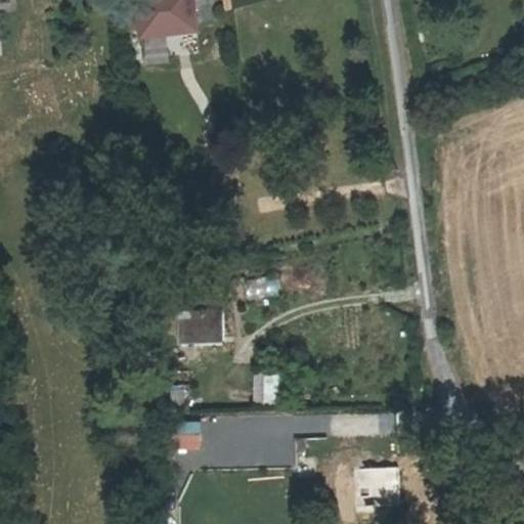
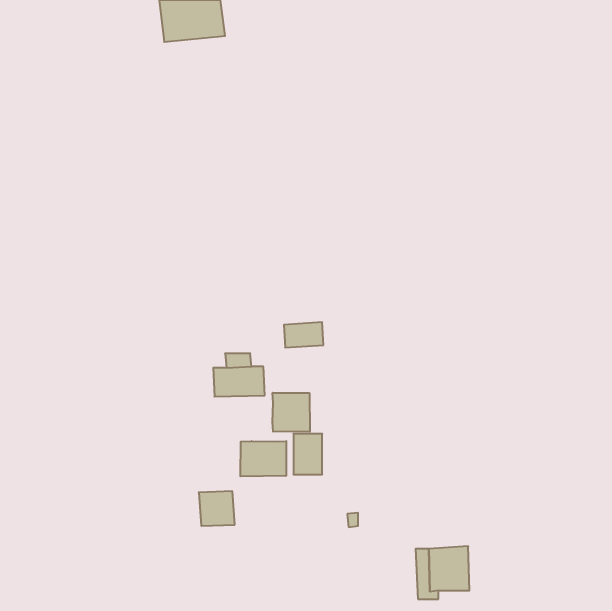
building: none -> [273,393,310,432]
building: none -> [240,441,286,476]

